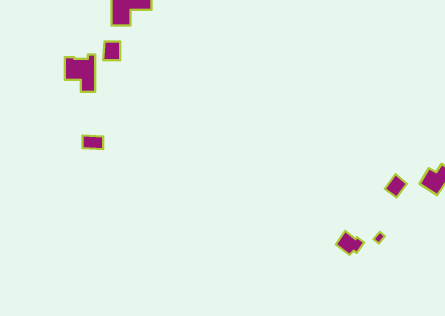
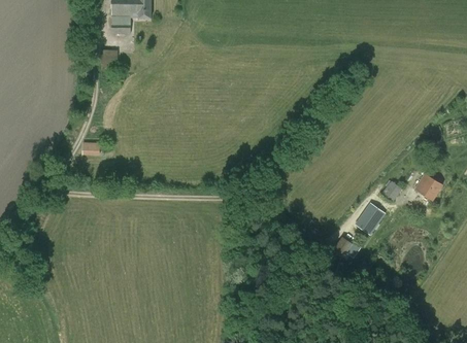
building: [65,55,95,92] -> none
building: none -> [356,202,385,234]

